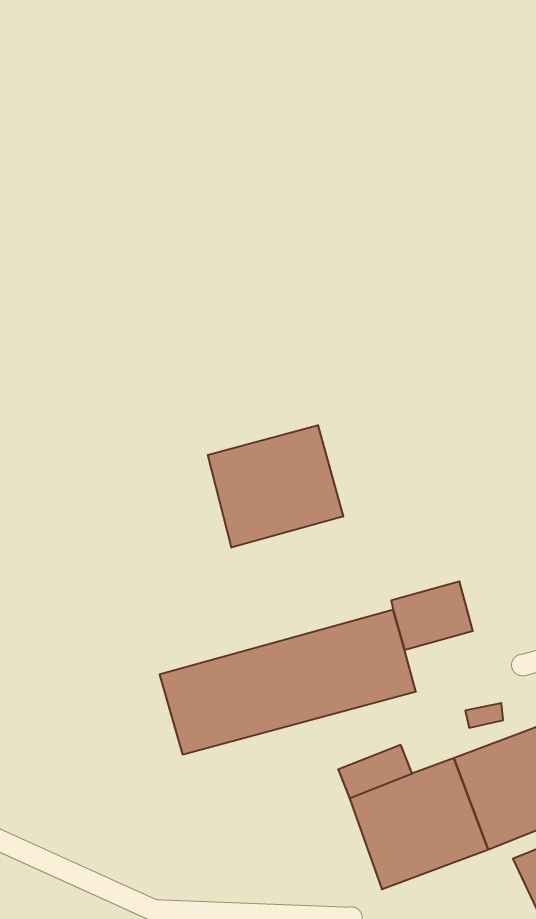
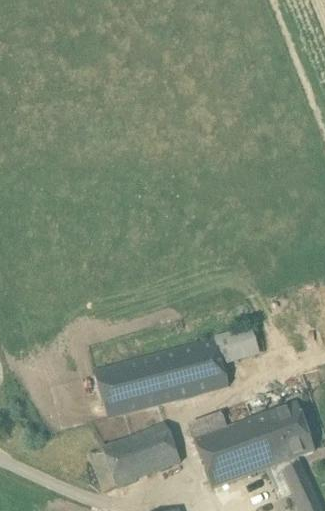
building: [208,425,343,548] -> none
building: none -> [102,424,181,488]

